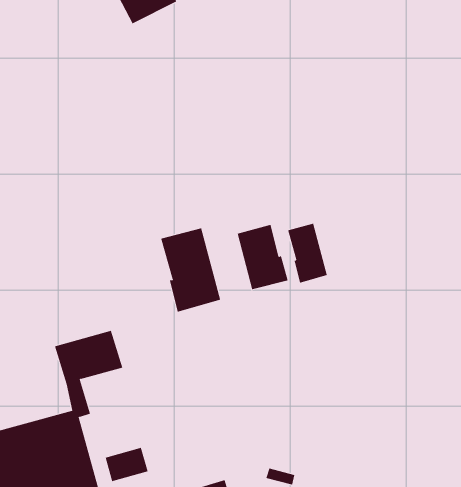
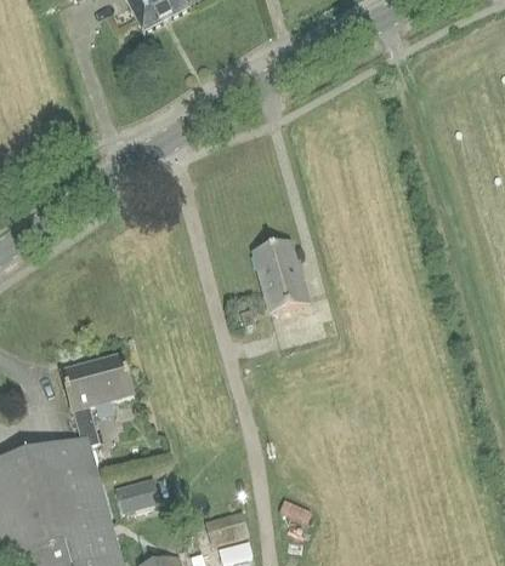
building: [287,223,328,283] -> none
building: [161,227,221,312] -> none

